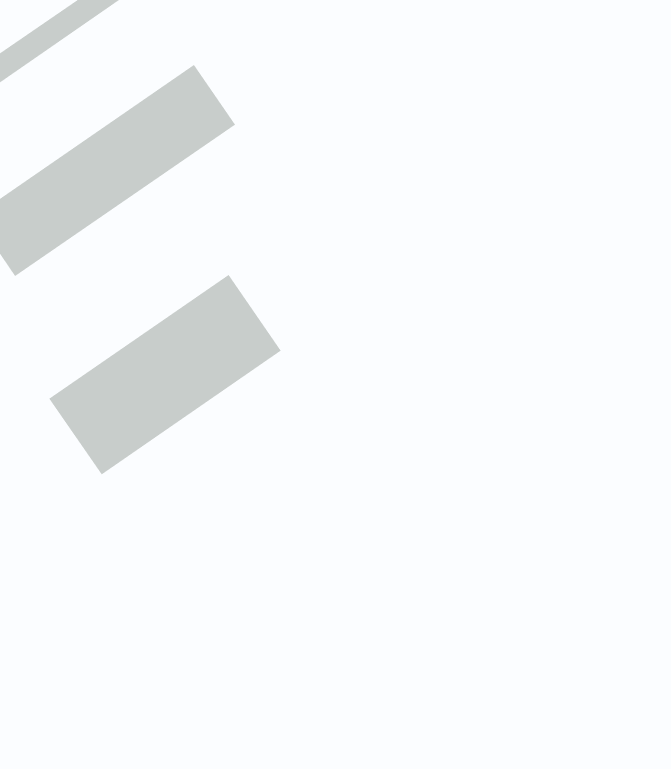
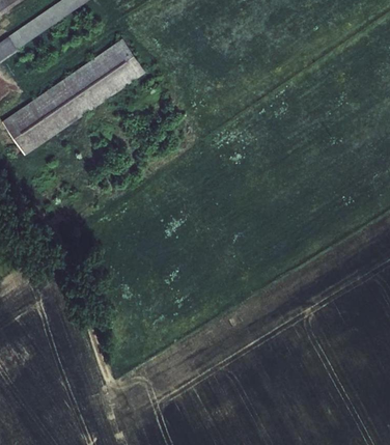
building: [48,274,282,475] -> none

